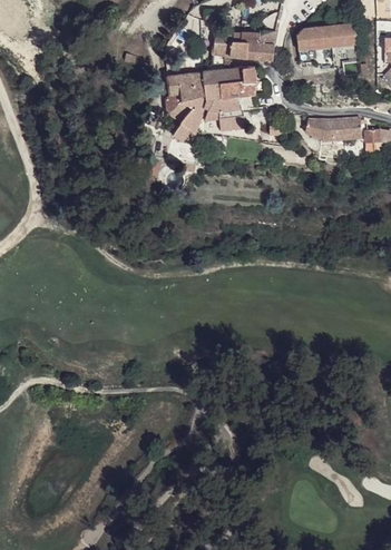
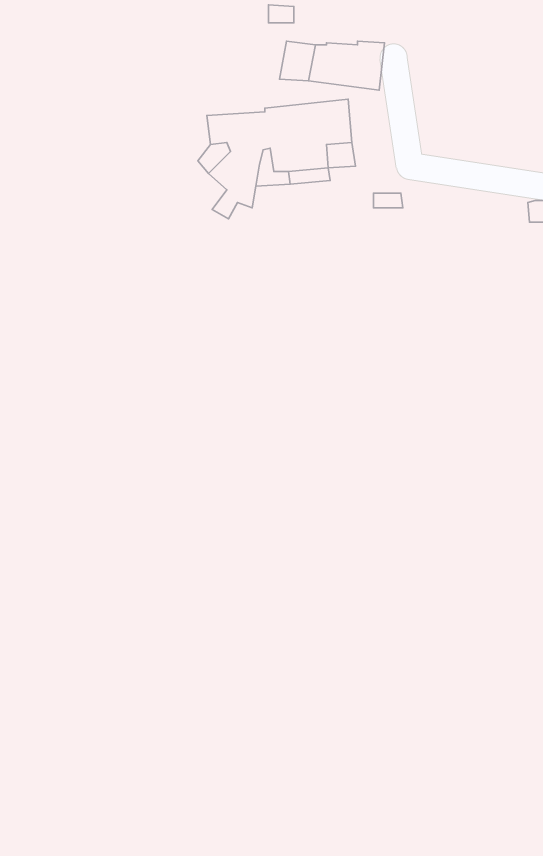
building: [294,22,356,50] -> none
building: [303,117,360,141] -> none

